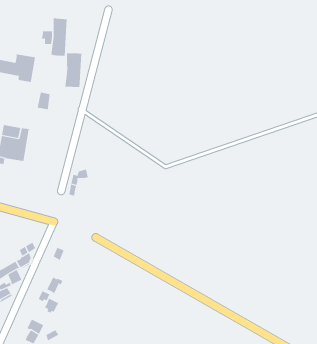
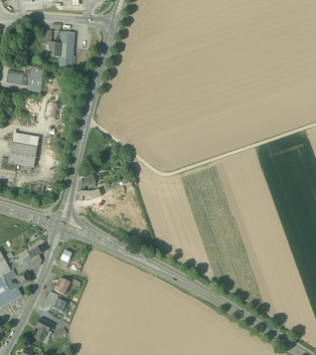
building: [65,52,82,88] -> none

